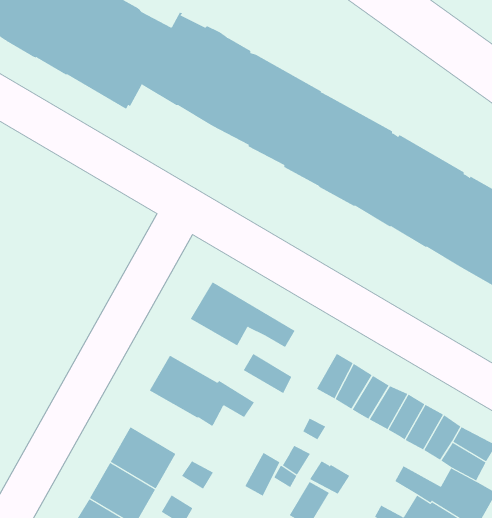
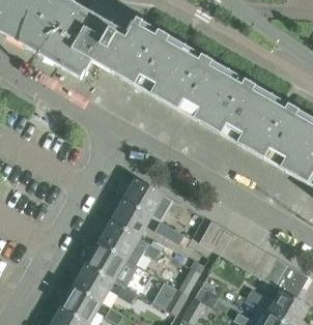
building: none -> [109,200,150,238]
building: none -> [85,243,125,282]

